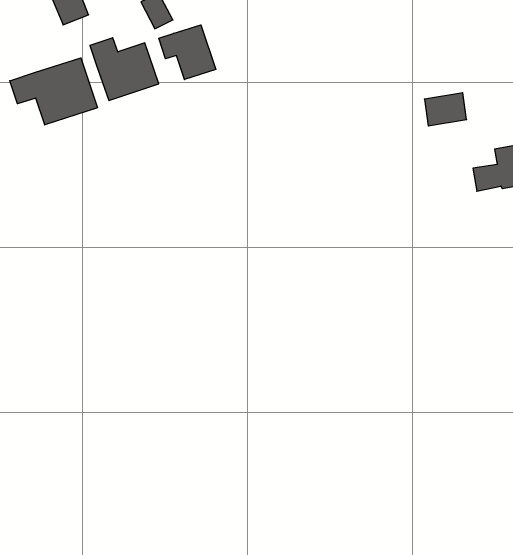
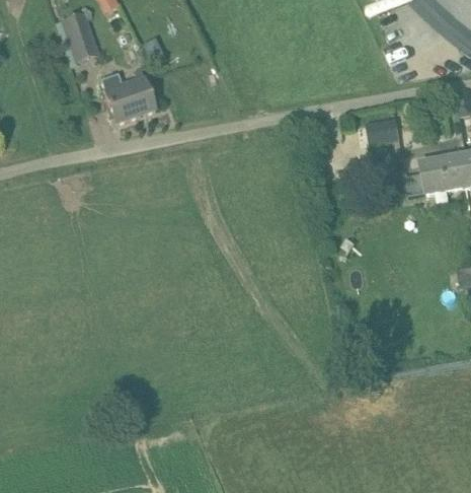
building: [159,25,216,80] -> none
building: [10,58,97,125] -> none

